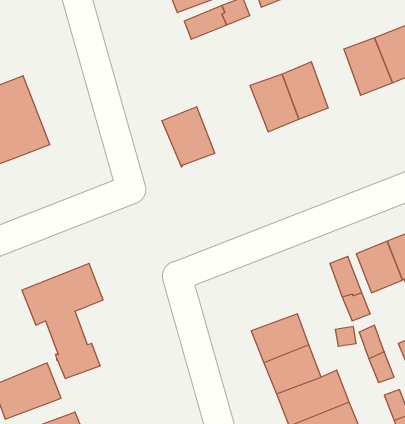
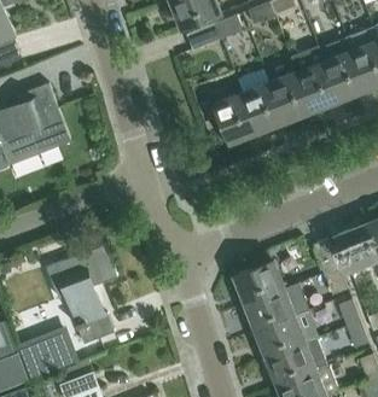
building: none -> [291,46,338,111]
building: [162,107,215,167] -> [213,92,258,144]
building: none -> [233,261,284,303]

